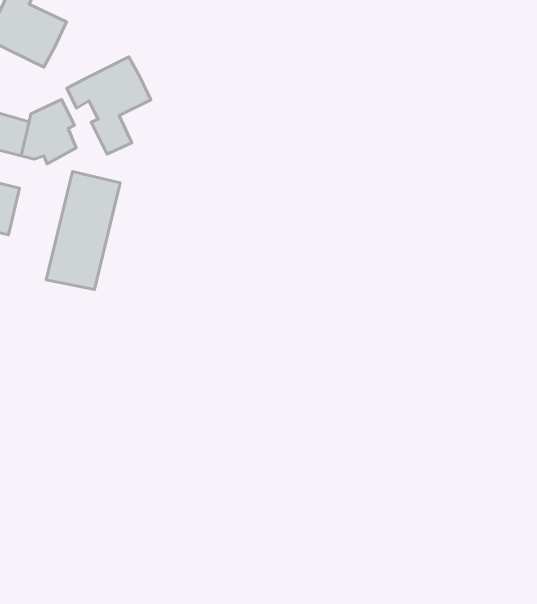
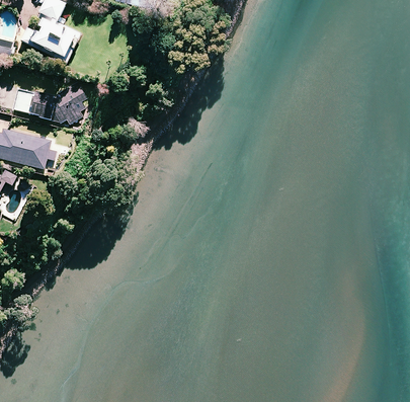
building: [67,57,151,154] -> none
building: [46,171,120,290] -> none

